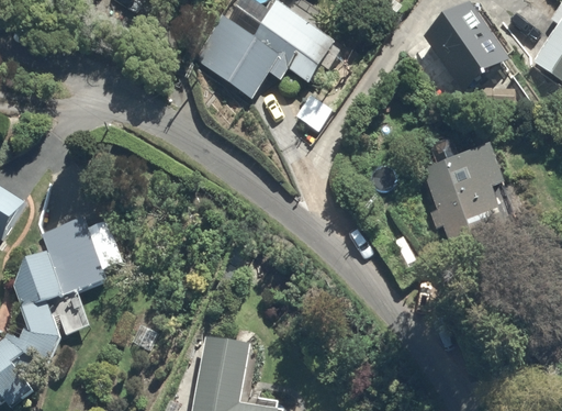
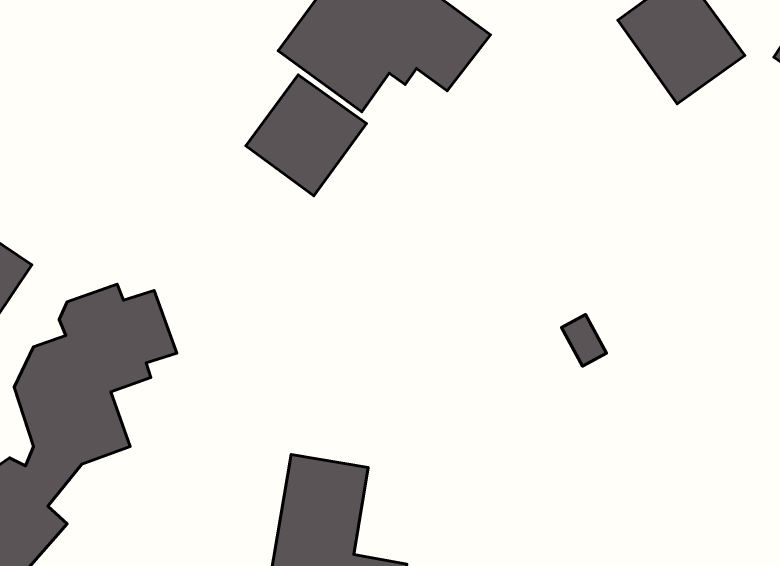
building: none -> [246,75,366,196]
building: [422,143,514,267] -> none

